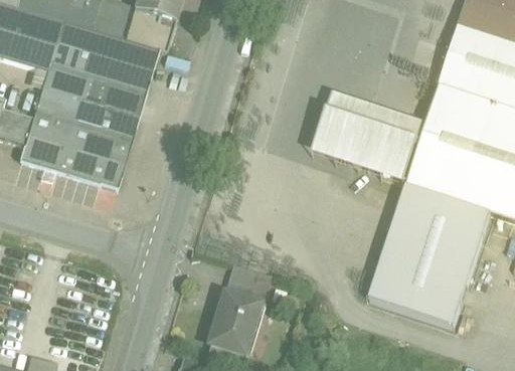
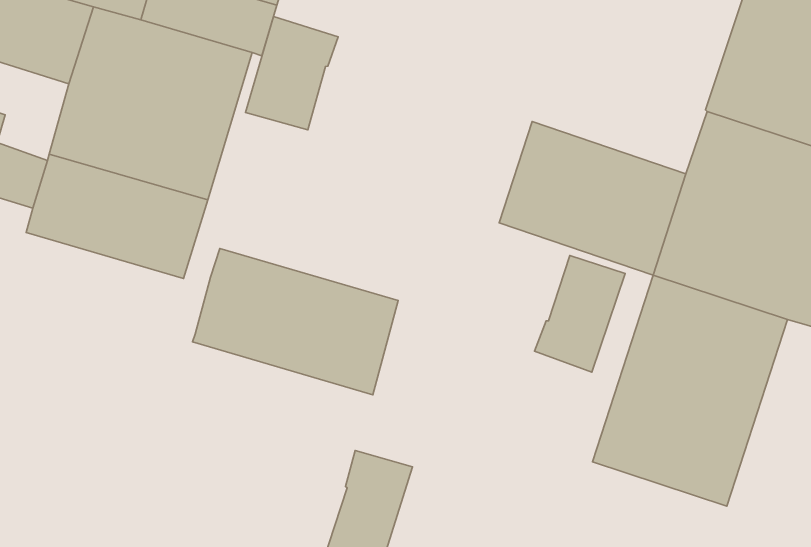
building: none -> [245,17,338,130]
building: none -> [193,249,398,395]
building: none -> [534,256,625,372]
building: [226,262,271,297] -> none

